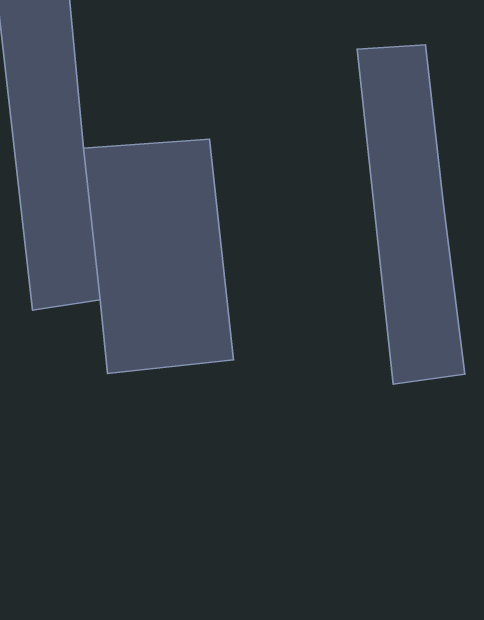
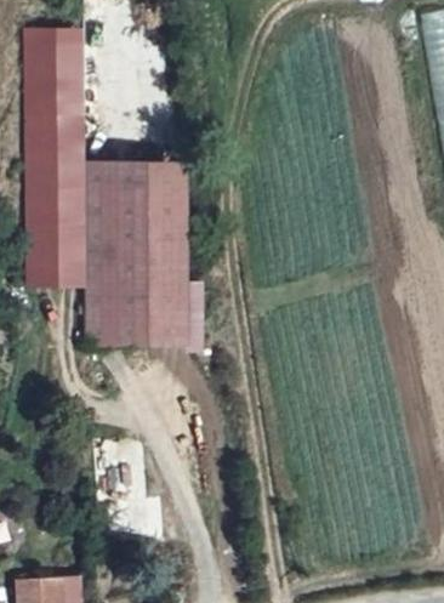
building: [357,45,465,384] -> none

